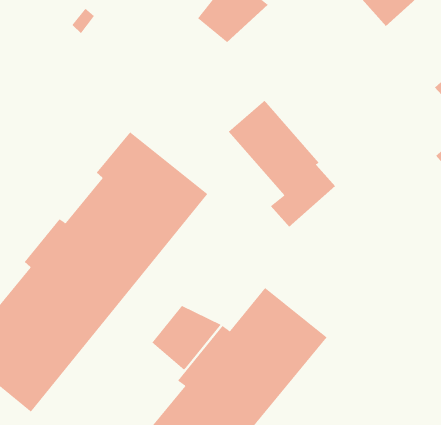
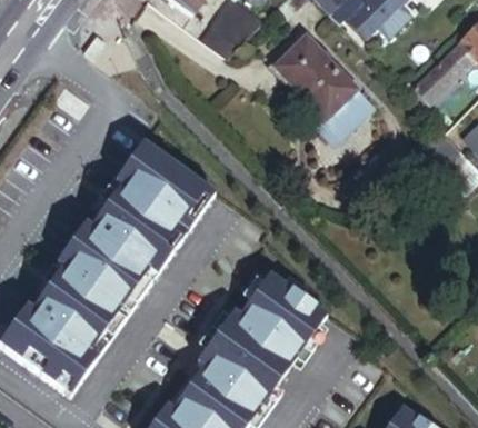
building: [228,100,336,228] -> [273,38,371,149]
building: [151,305,222,371] -> none

